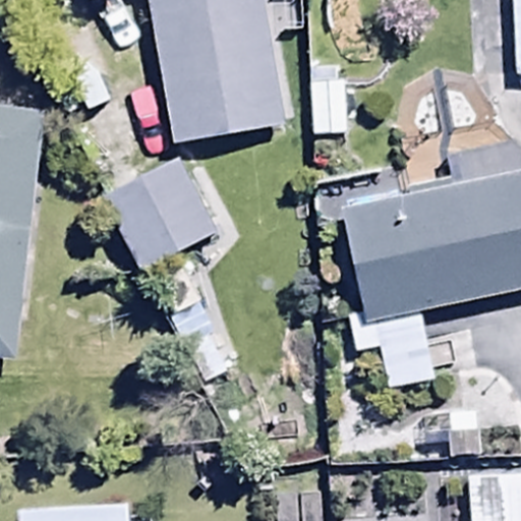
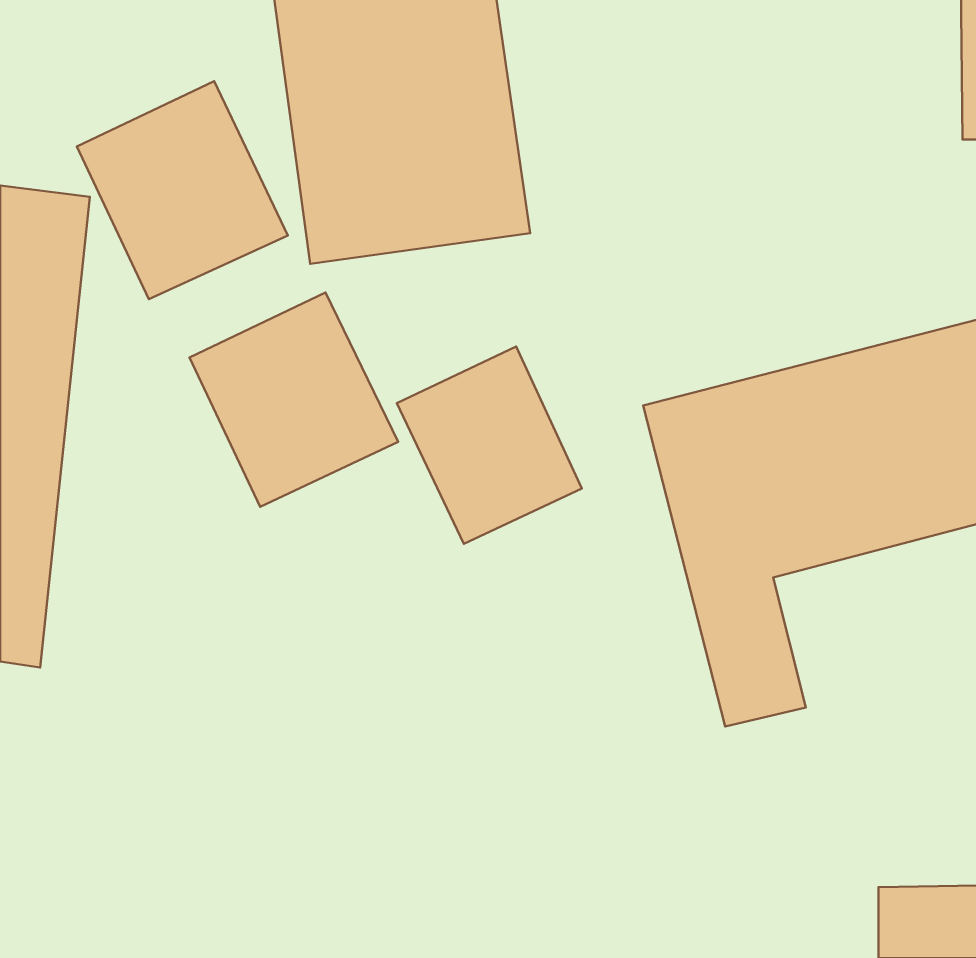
building: none -> [77,81,288,299]
building: none -> [397,346,582,544]

